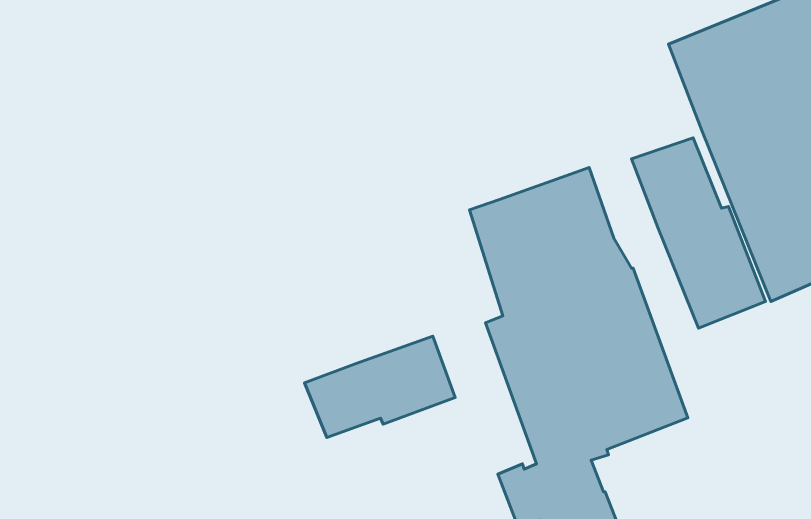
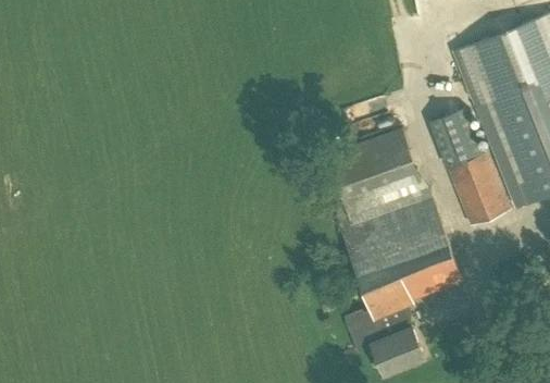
building: [305,336,455,437] -> none

